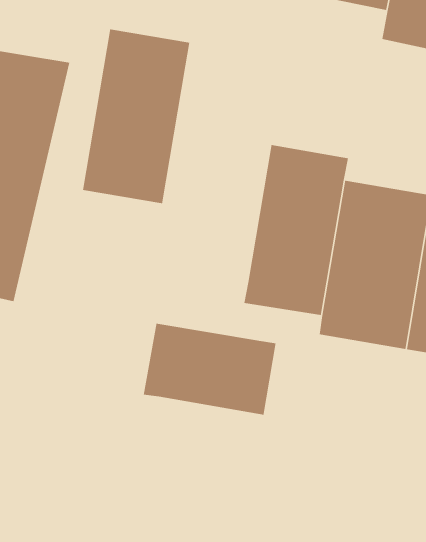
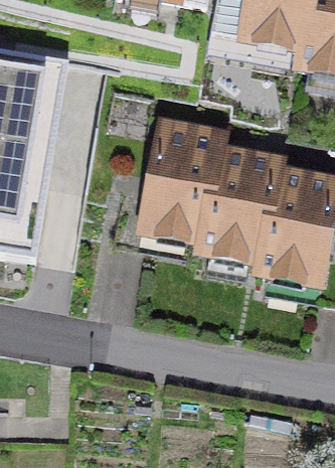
building: [82,29,190,204] -> [137,111,216,240]
building: [143,323,276,416] -> none

